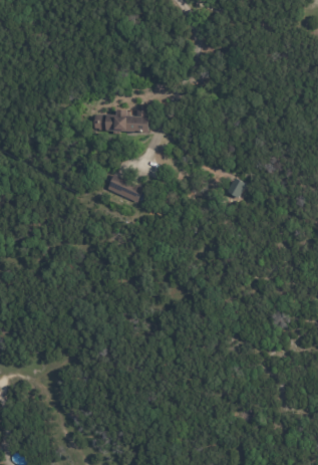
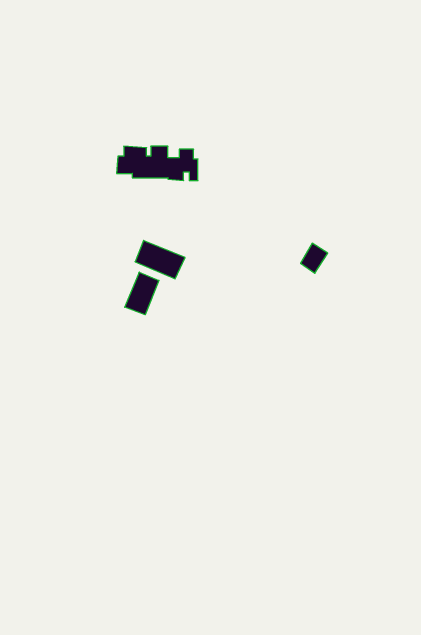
building: none -> [125,272,159,315]

